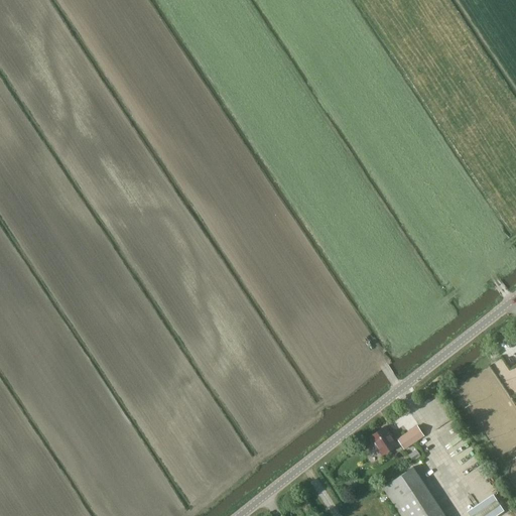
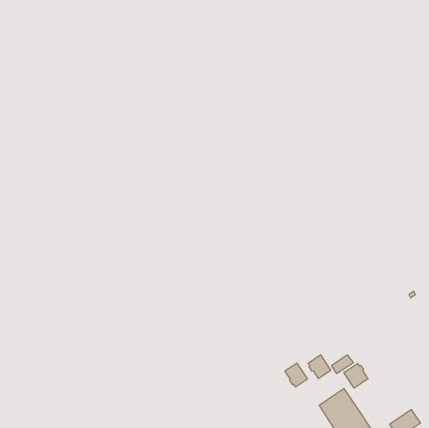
building: none -> [285,363,307,387]
building: none -> [344,363,368,388]

